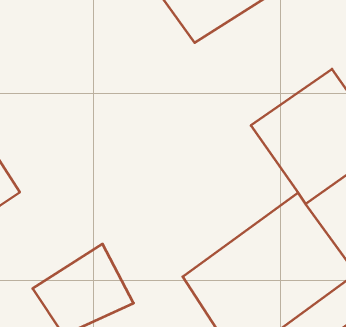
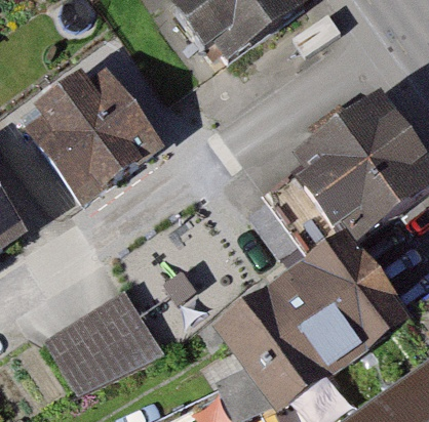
building: none -> [15,64,159,208]

